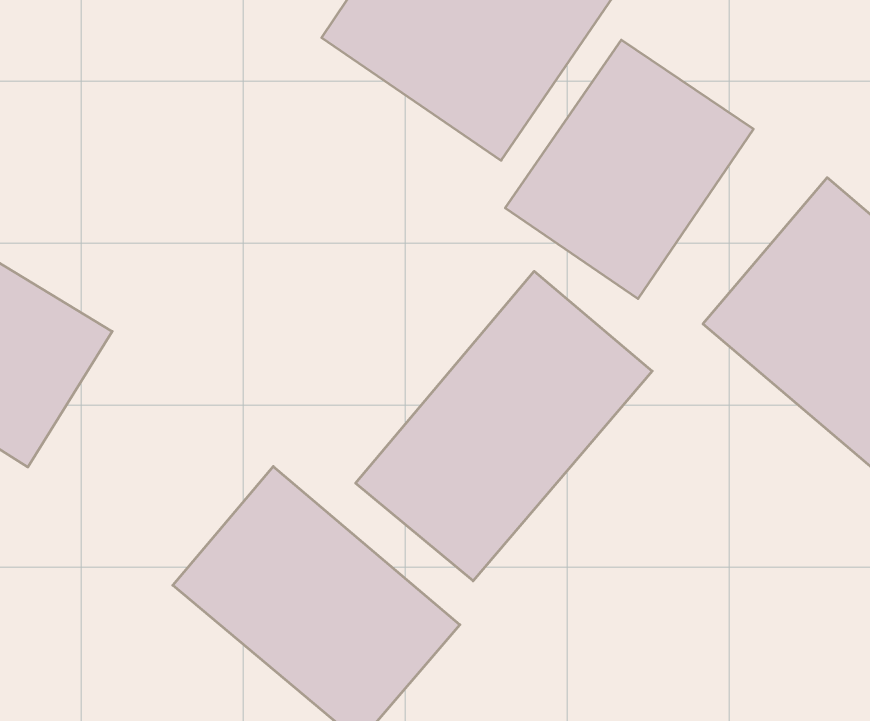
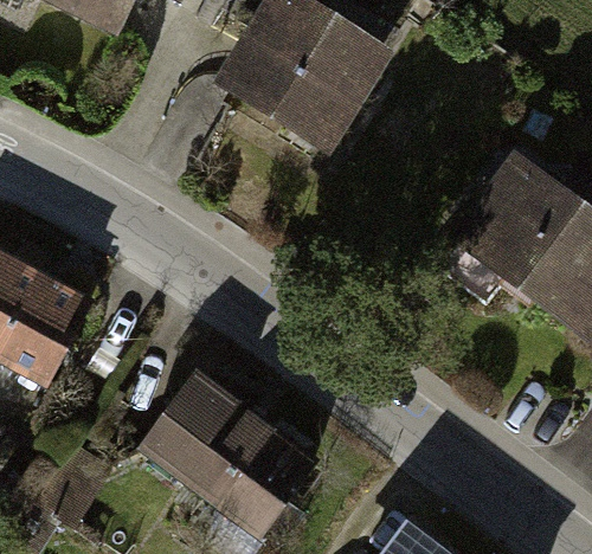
building: [505,40,753,299] -> none
building: [356,271,652,581] -> none

